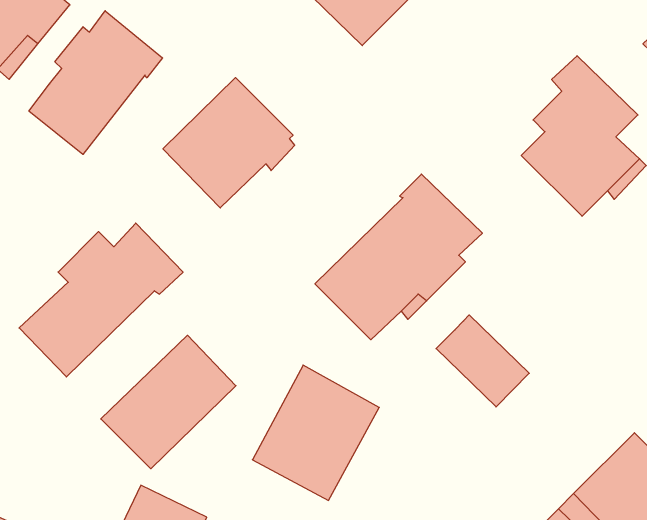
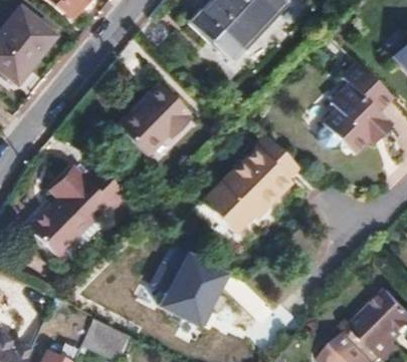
building: [29,11,163,154] -> none
building: [436,315,529,407] -> none
building: [101,335,236,469] -> none

